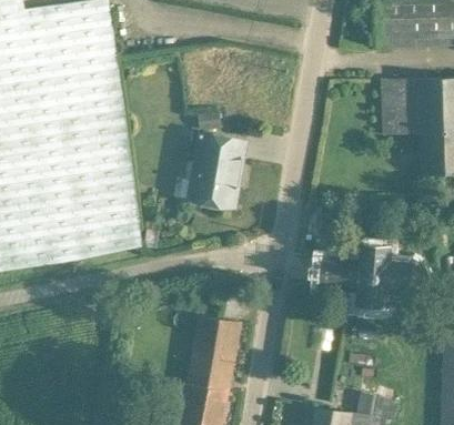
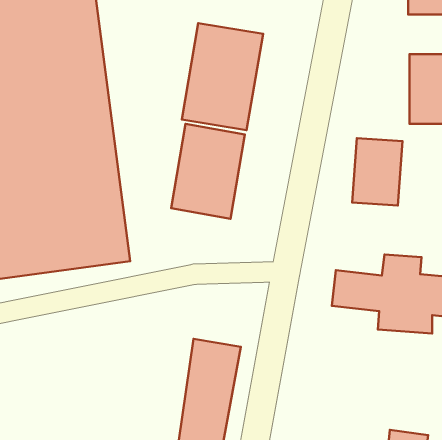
building: none -> [182,23,263,130]
building: none -> [352,138,403,205]

